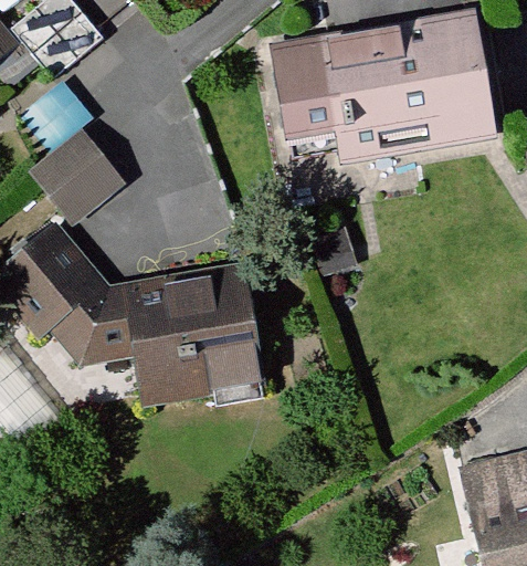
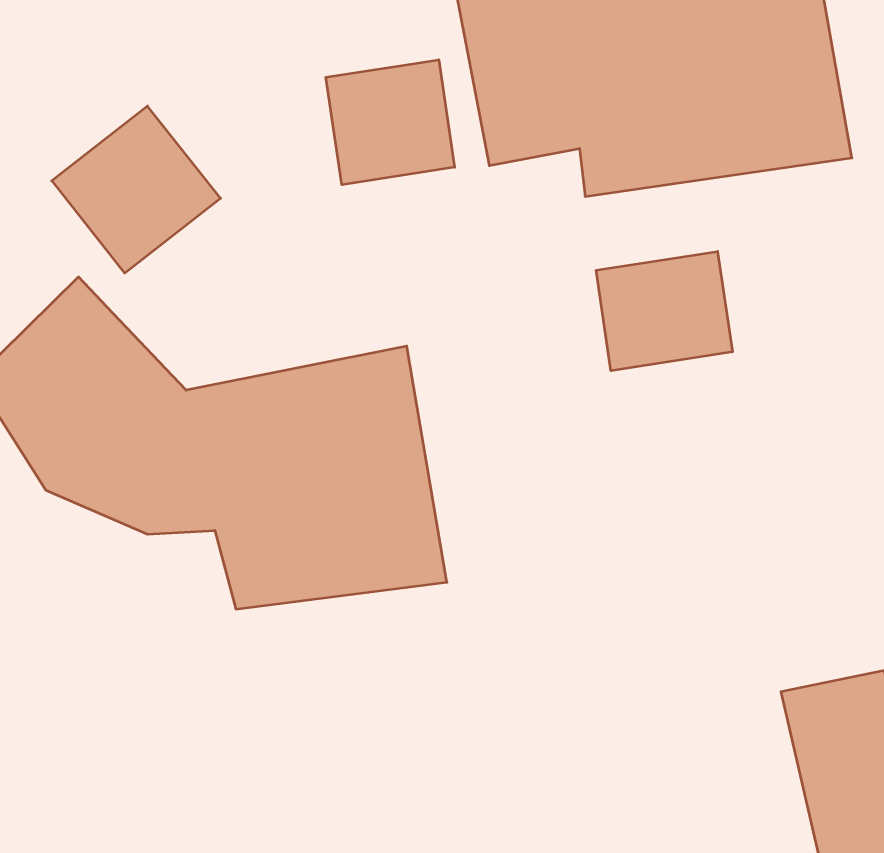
building: none -> [326,60,455,185]
building: none -> [596,251,732,371]

